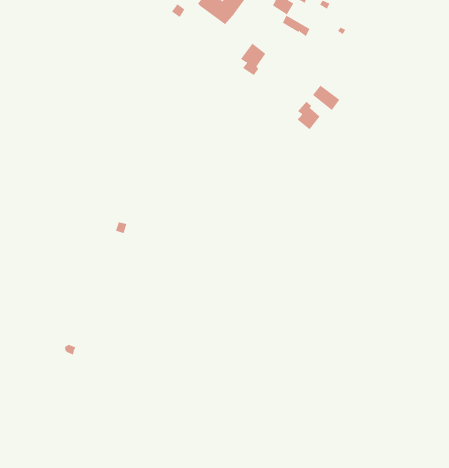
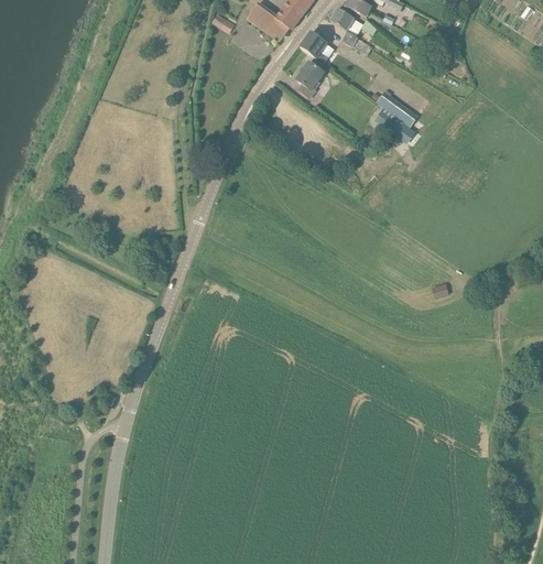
building: none -> [300,30,328,63]
building: [297,101,320,130] -> none

